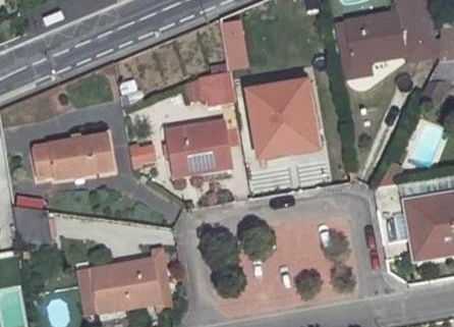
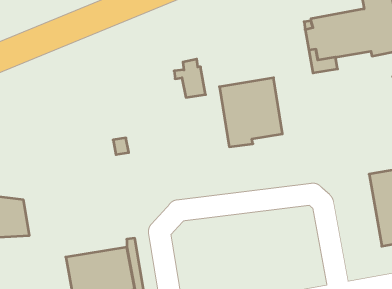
building: [166,119,241,176] -> none
building: [34,134,112,177] -> none

